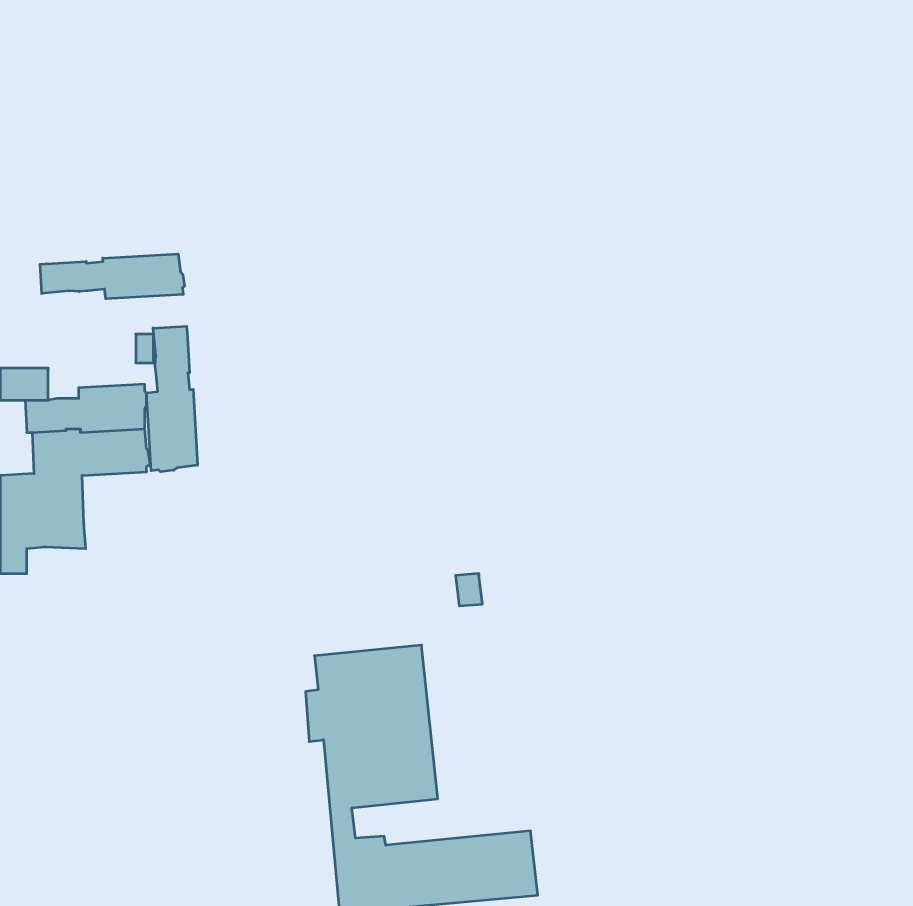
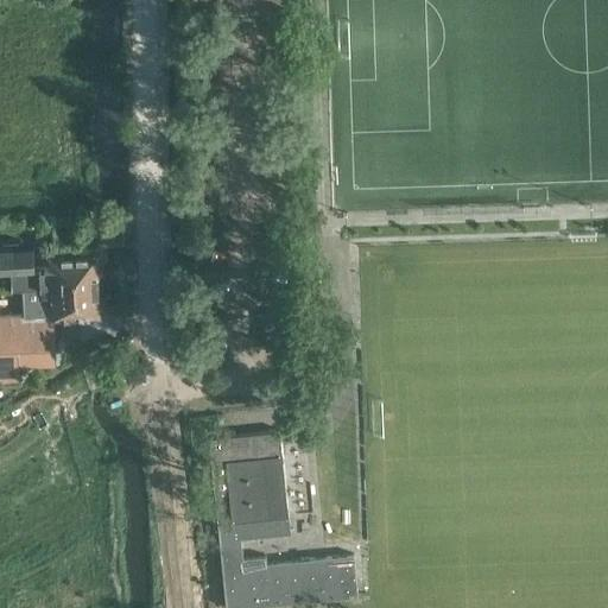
building: [40,254,184,299] -> none
building: [147,326,197,472] -> none

